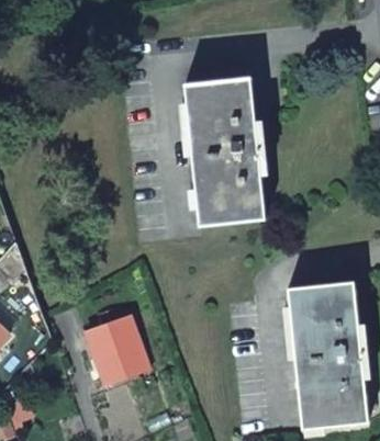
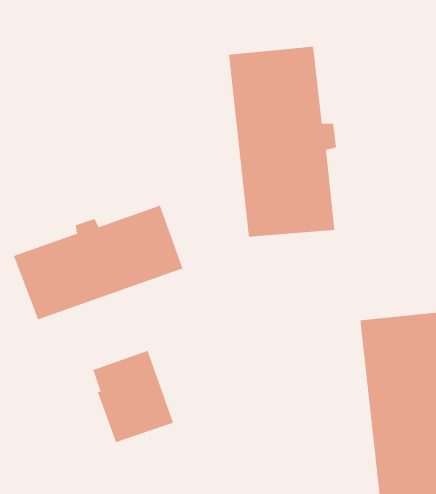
building: none -> [13,205,183,320]

